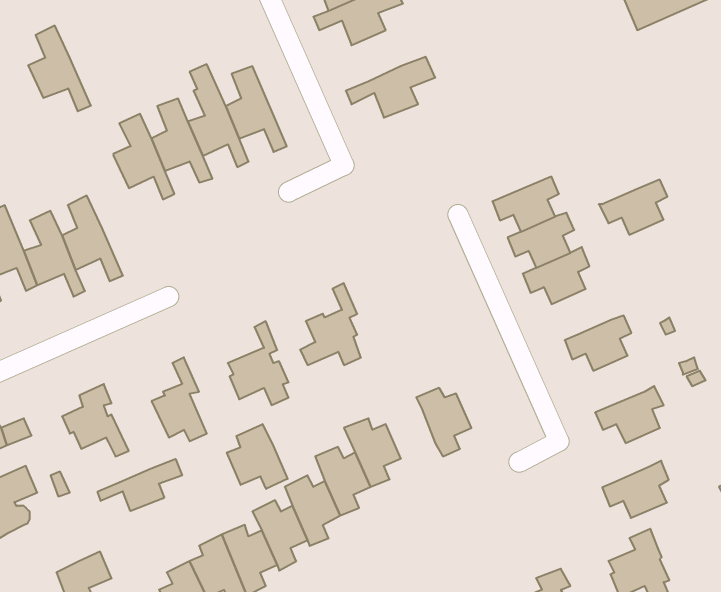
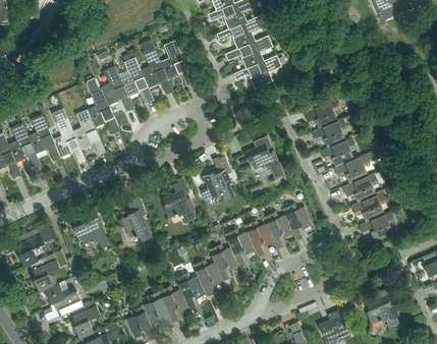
building: none -> [217,15,264,49]
building: [28,26,91,111] -> [87,89,120,134]
building: none -> [234,55,281,89]
building: [599,180,667,235] -> [333,155,370,184]
building: none -> [244,136,284,179]
building: none -> [282,204,312,241]
building: none -> [243,221,273,257]
building: [227,424,288,489] -> none
building: [98,459,182,511] -> none
building: [602,461,669,518] -> [350,192,386,223]
building: none -> [45,281,83,317]

